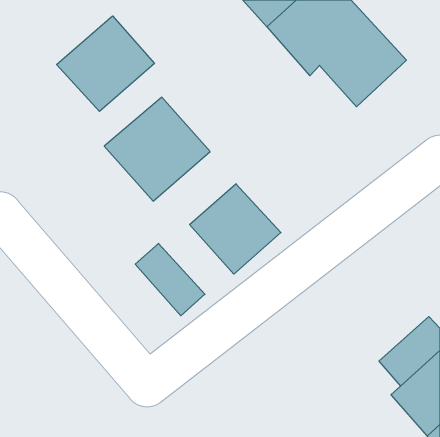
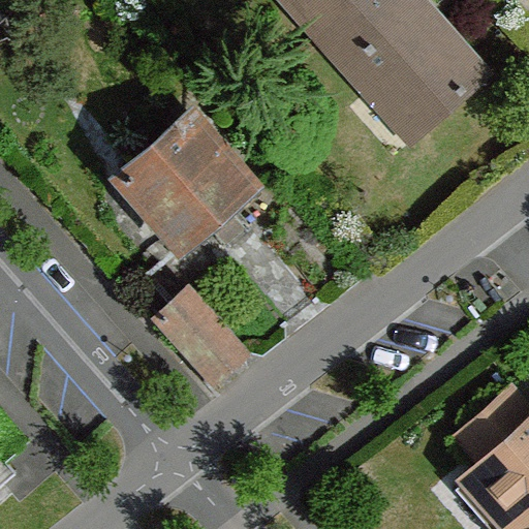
building: [57,16,154,111] -> none
building: [190,184,281,274] -> none

